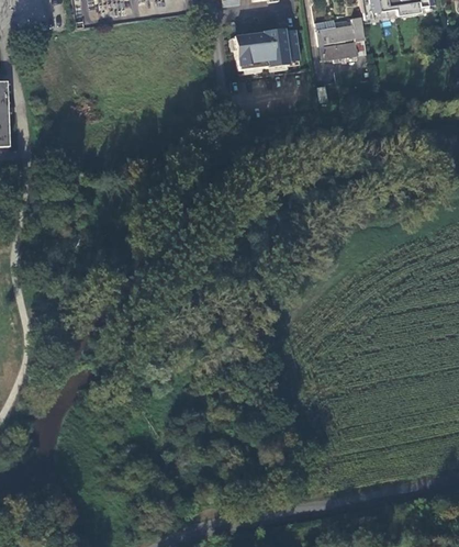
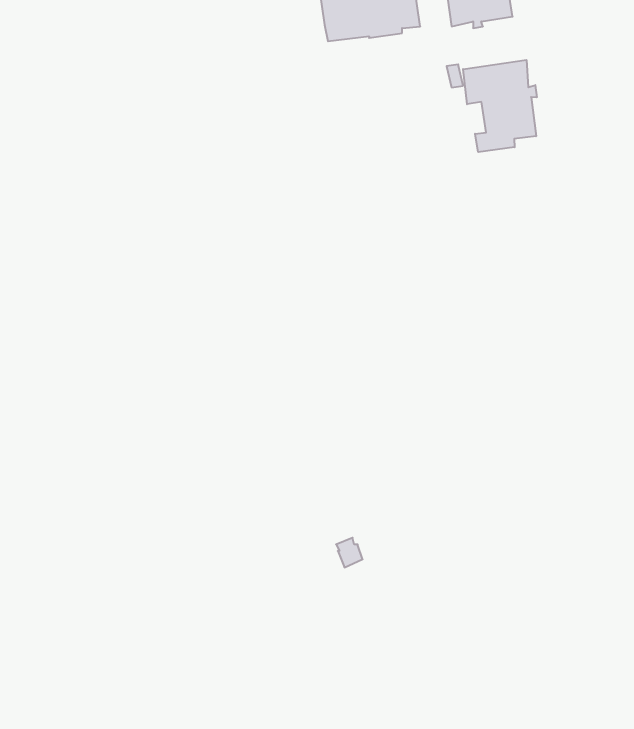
building: none -> [463,60,537,152]

